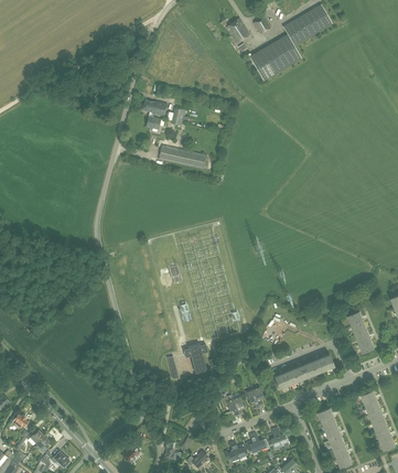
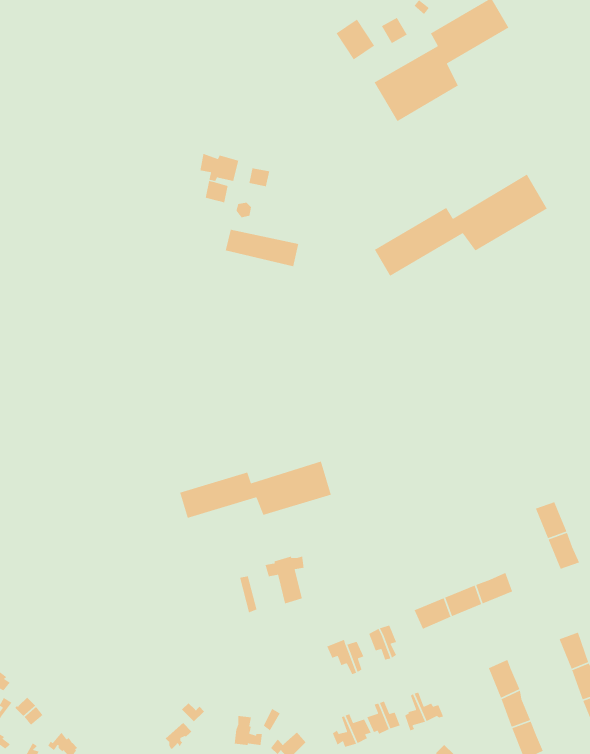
building: none -> [374,173,548,277]
building: none -> [179,461,332,519]

